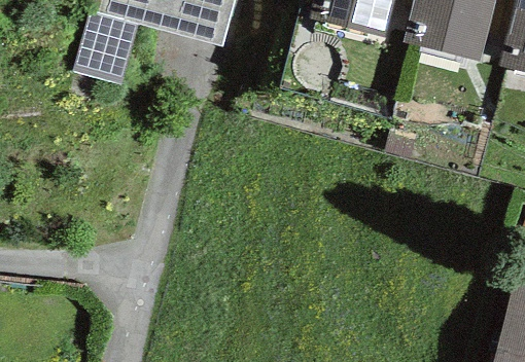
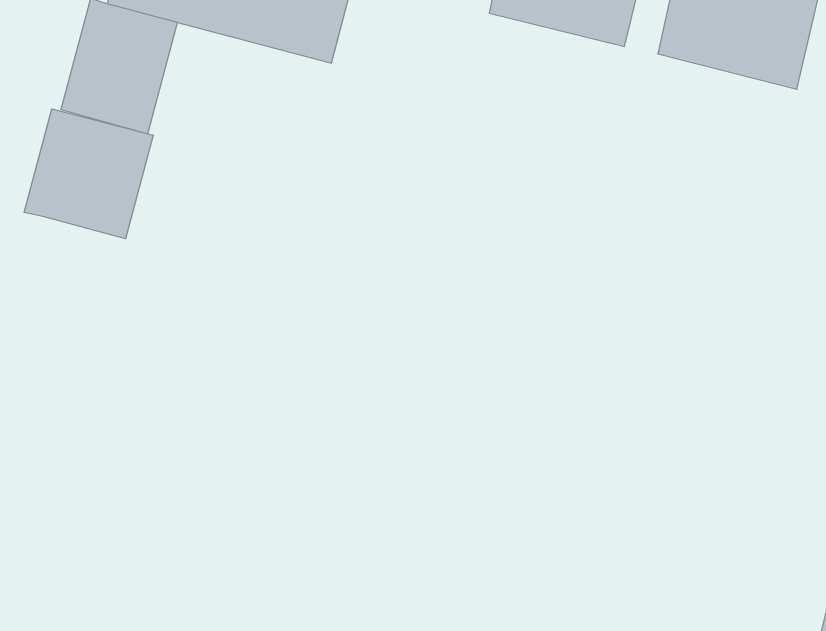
building: none -> [24,109,153,239]

